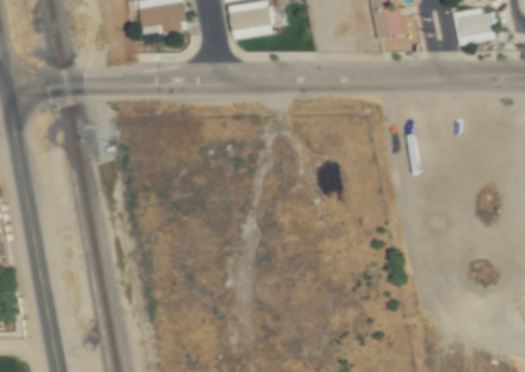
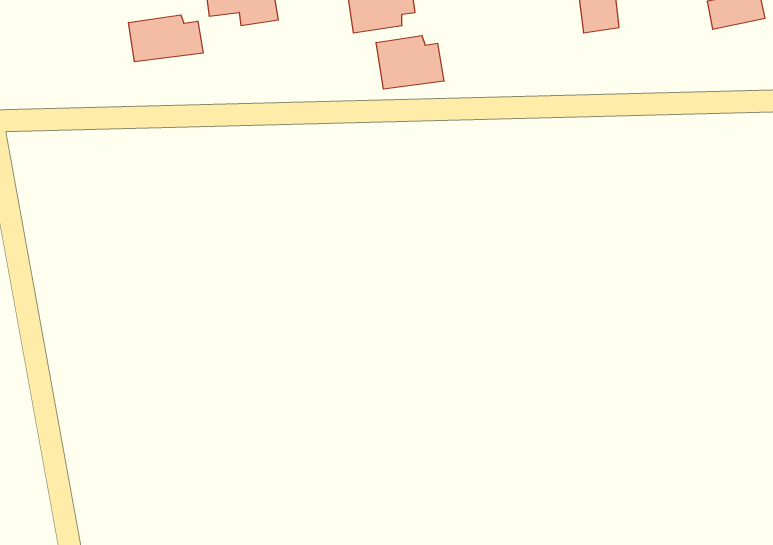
building: none -> [129,15,203,62]
building: none -> [376,35,444,89]

